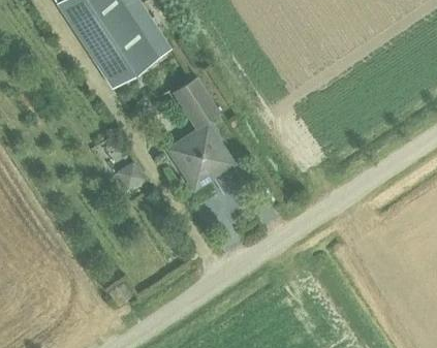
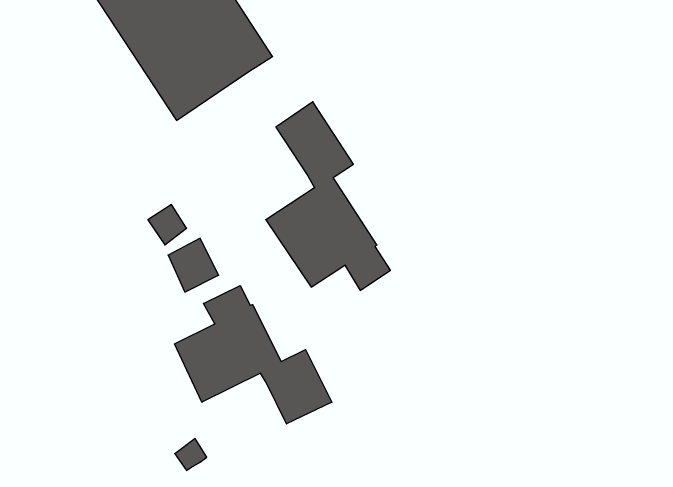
building: none -> [175,286,332,424]

